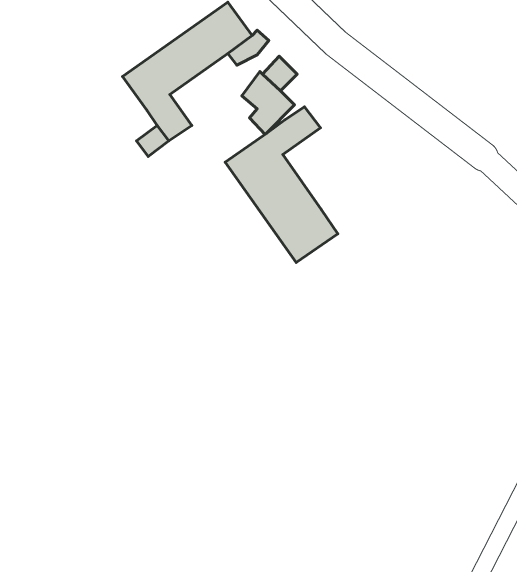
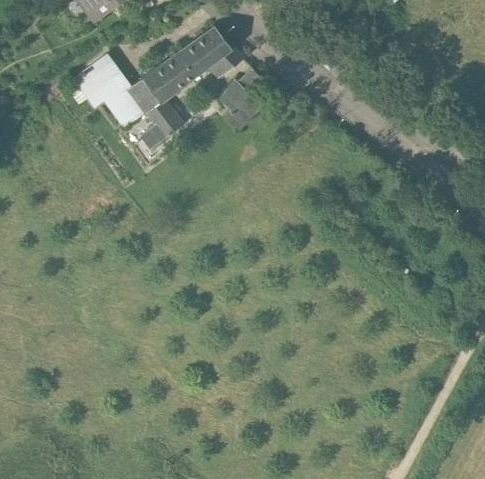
building: none -> [74,54,149,127]
building: [225,107,338,263] -> none

